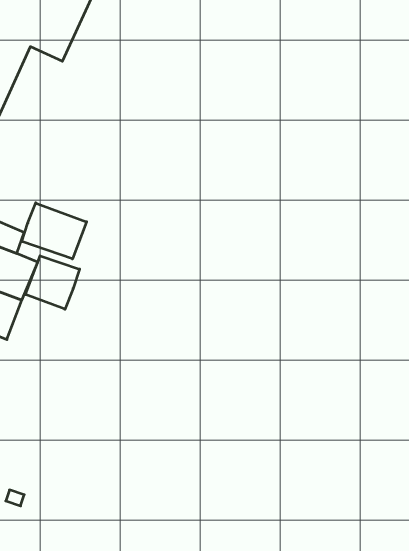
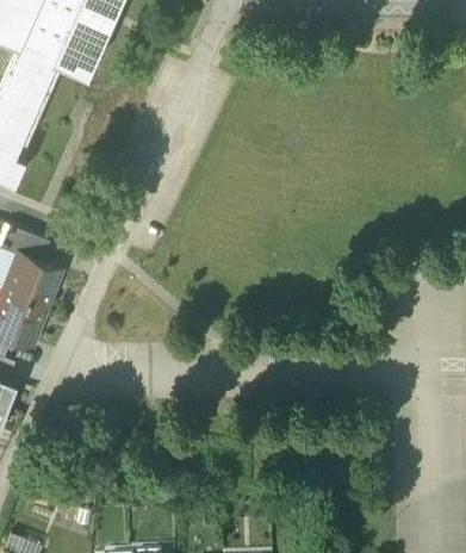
building: [22,203,87,259] -> none
building: [25,256,80,309] -> none

